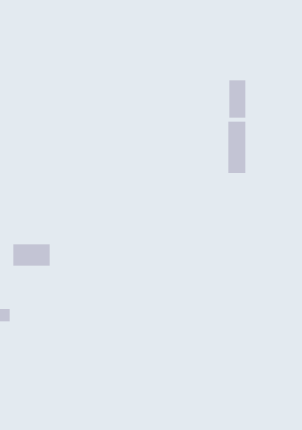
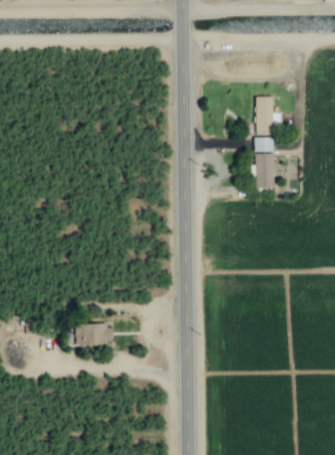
building: [12,244,51,266] -> [75,323,112,346]

